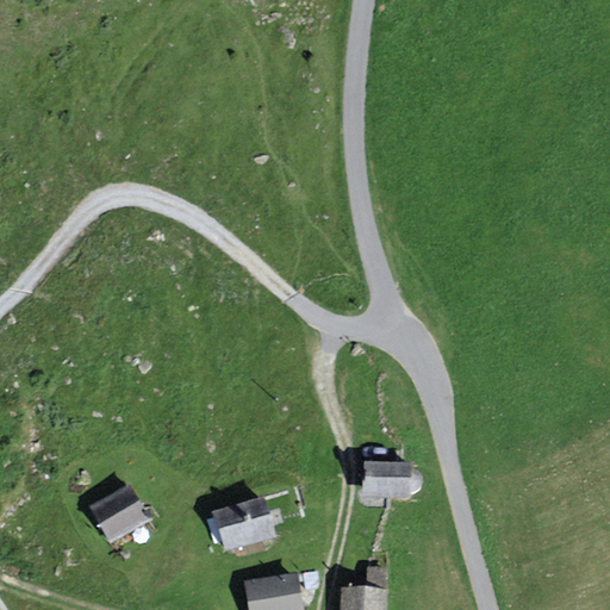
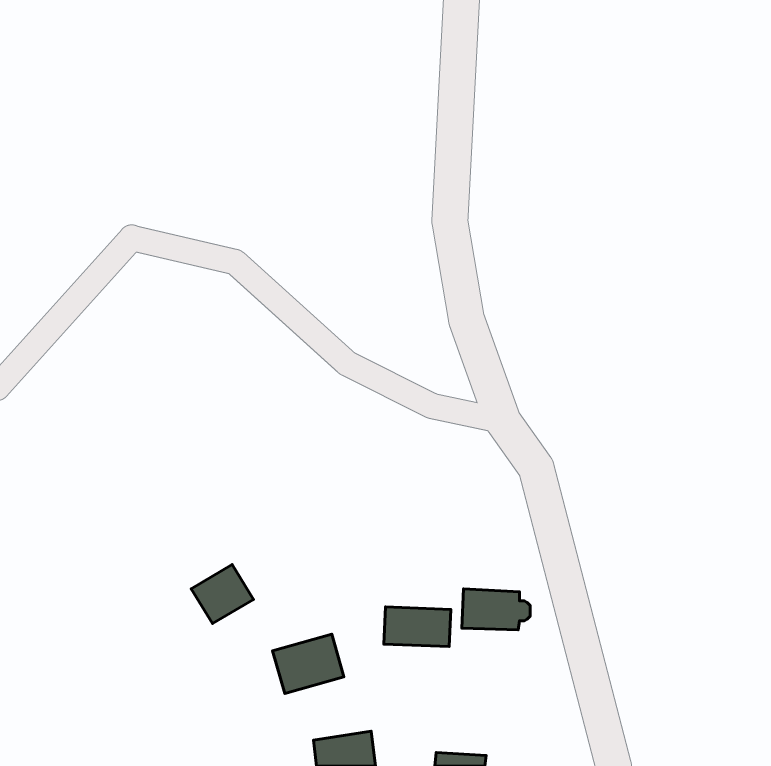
building: none -> [384,607,451,647]
building: [93,488,142,535] -> [191,565,253,624]

